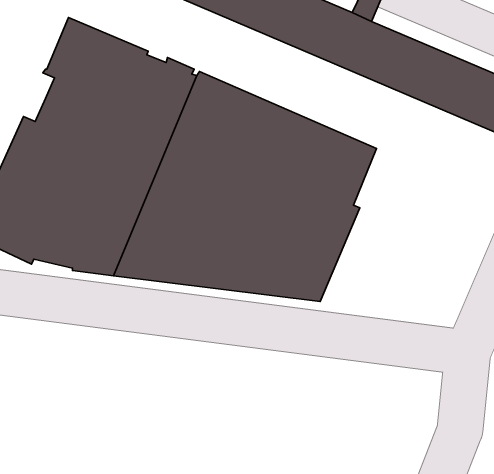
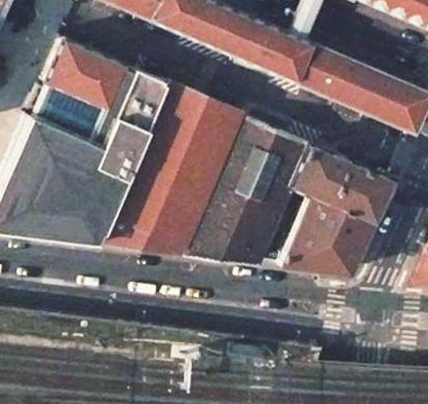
building: none -> [278,142,393,276]

